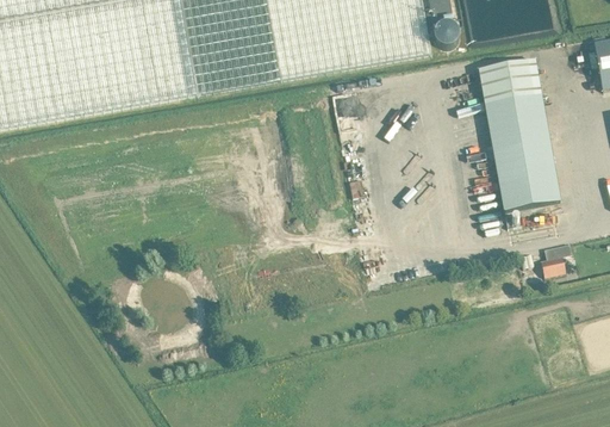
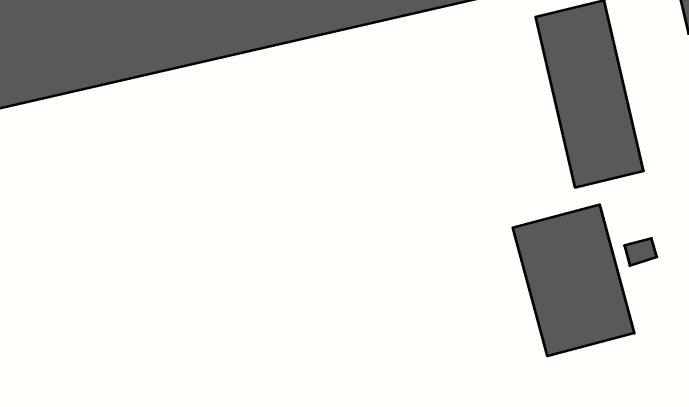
building: none -> [513,205,634,356]

